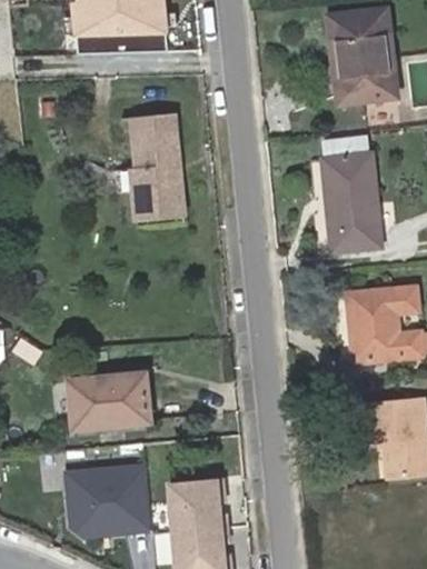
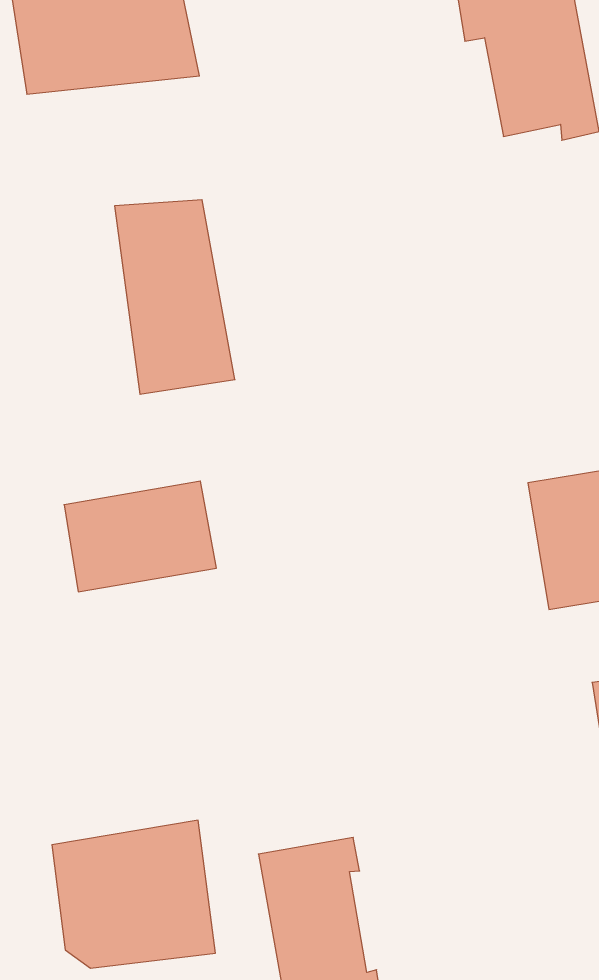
building: [318,133,377,251] -> none
building: [82,373,165,430] -> [64,481,216,592]

